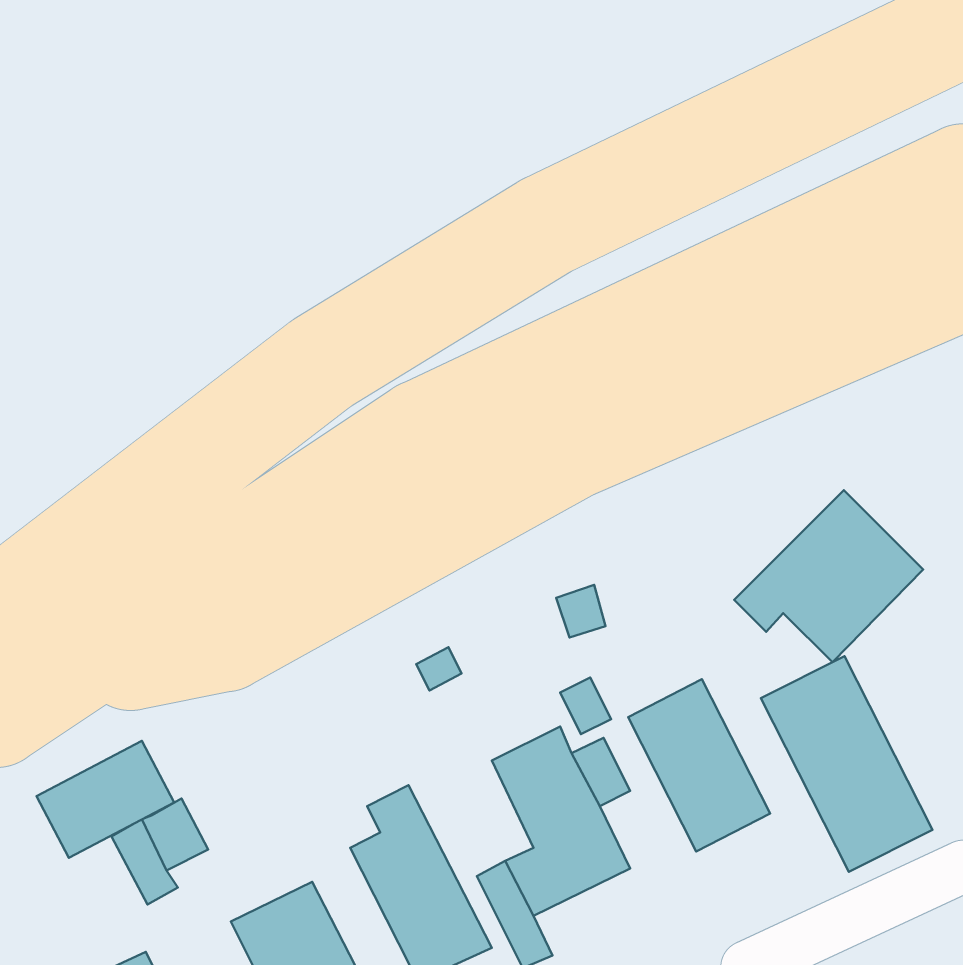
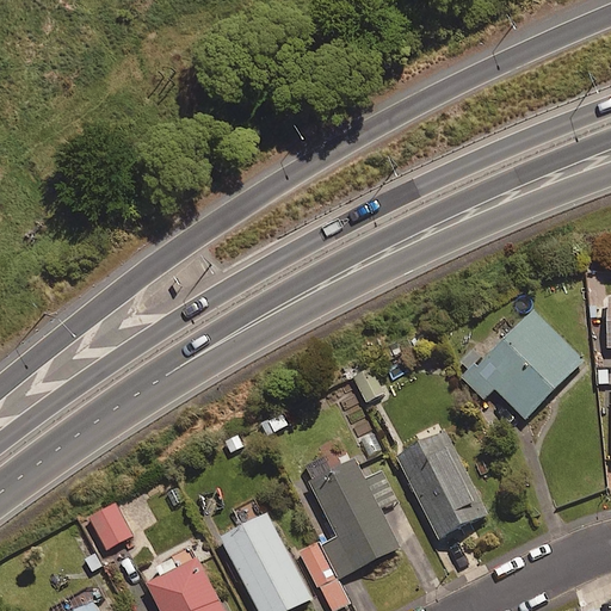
building: [761,656,932,872] -> none
building: [37,741,174,858] -> none

